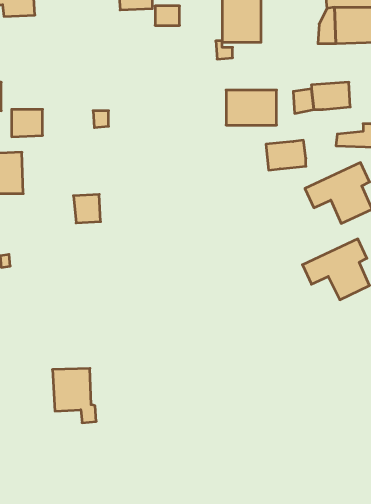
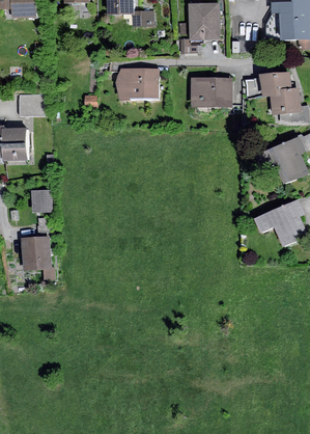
building: none -> [114,69,159,100]
building: [266,140,306,170] -> [269,90,301,114]
building: [73,194,101,223] -> [30,189,52,212]
building: [52,368,96,423] -> [20,236,55,279]

